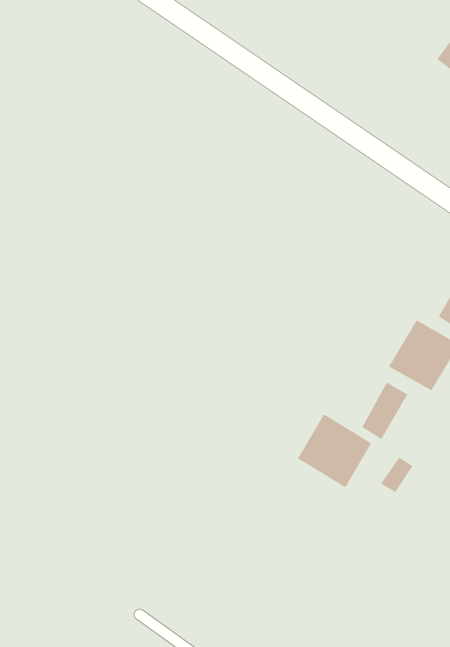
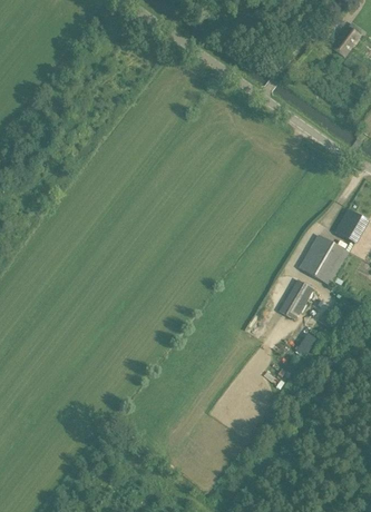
building: [297,414,372,488] -> none

